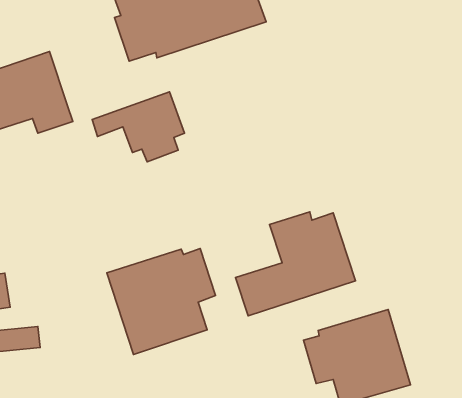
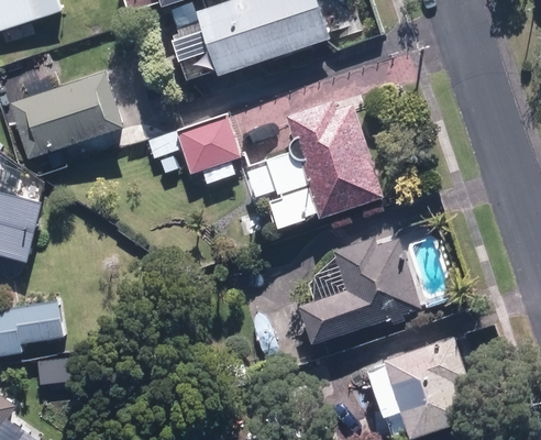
building: none -> [265,100,383,232]
building: [107,249,216,354] -> none

